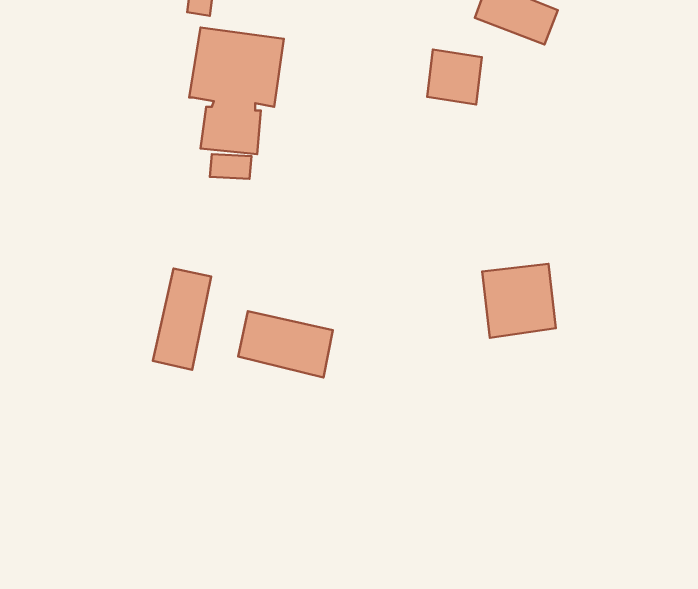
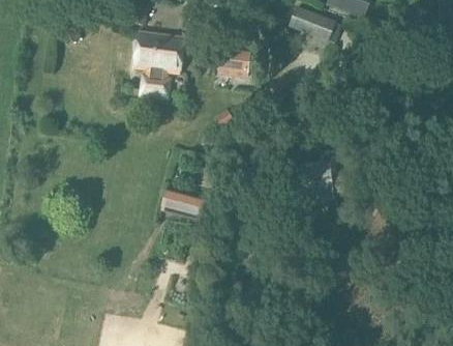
building: [427,50,482,104] -> [219,47,249,77]
building: [153,269,211,370] -> none

